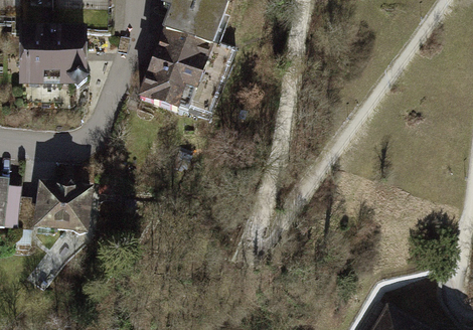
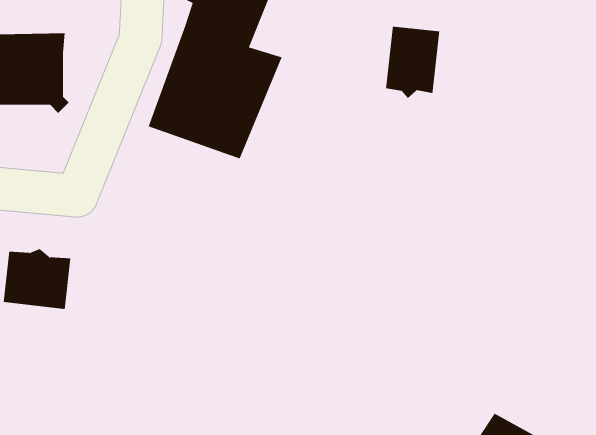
building: none -> [385,26,440,99]

